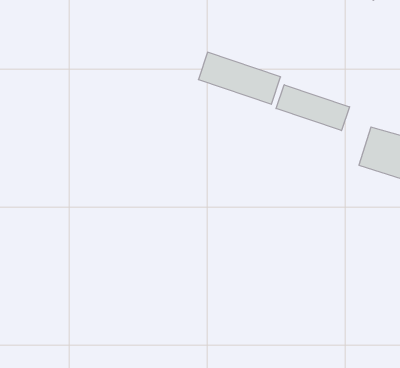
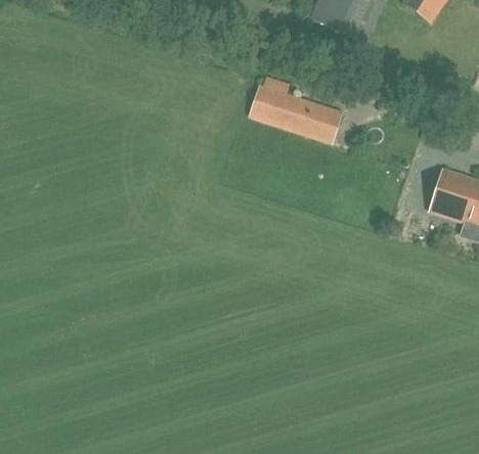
building: [276,85,350,131] -> none

